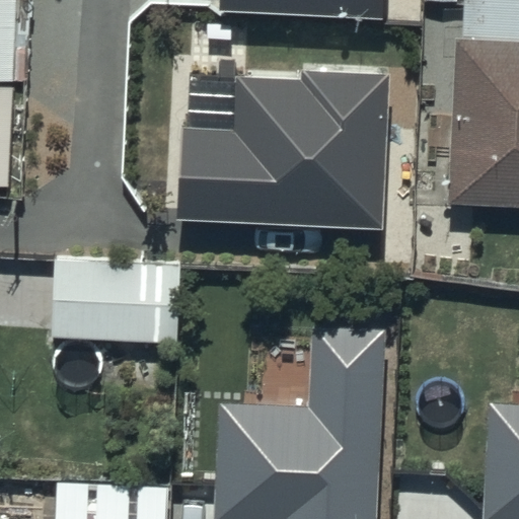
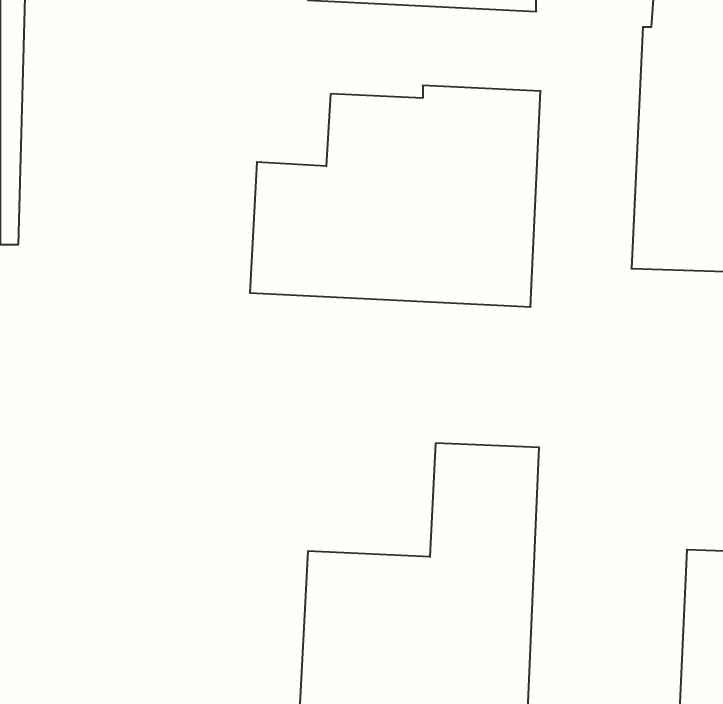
building: [51,246,184,339] -> none

